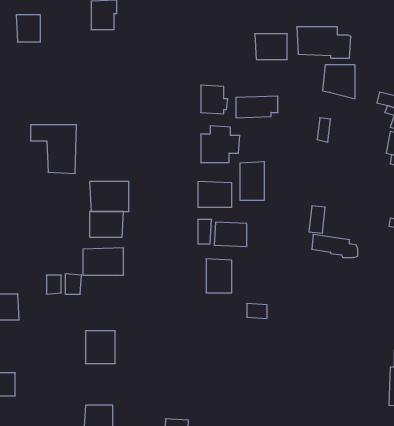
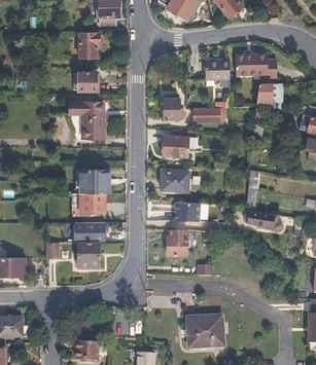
building: [16,15,40,42] -> [75,71,94,92]
building: [31,125,77,174] -> [69,102,104,139]
building: [240,161,264,200] -> none
building: [85,331,115,364] -> [76,242,99,266]
building: none -> [185,314,222,346]

